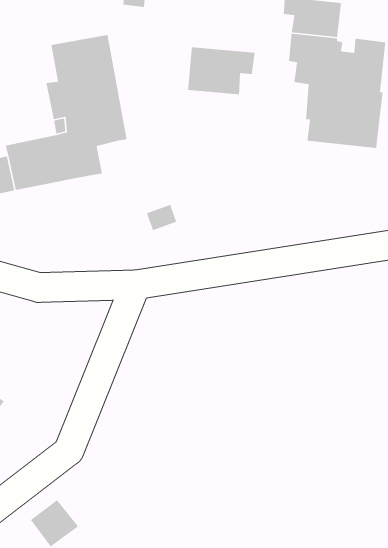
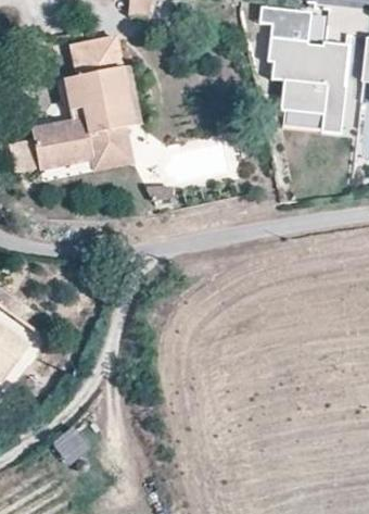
building: [187,46,255,95] -> none
building: none -> [91,126,133,172]

